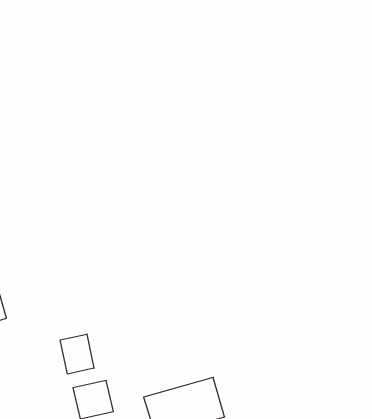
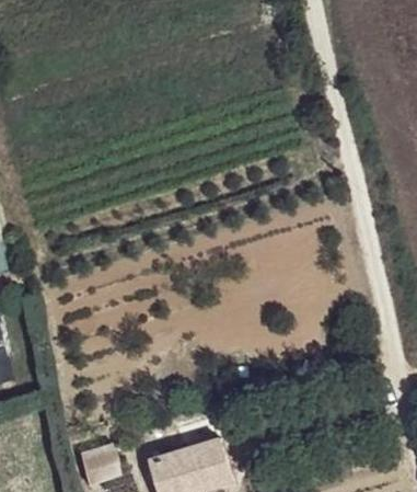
building: [60,334,94,374] -> none

